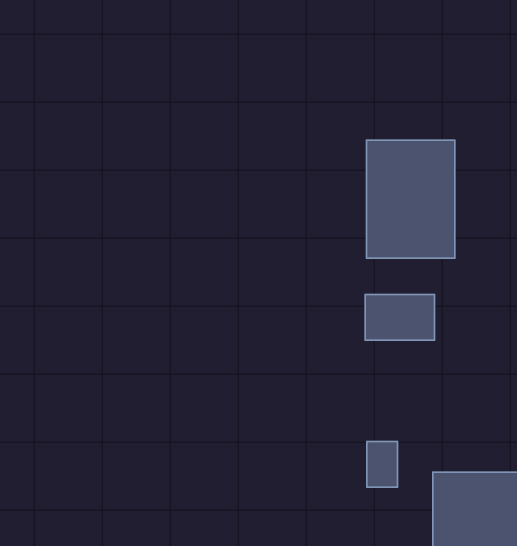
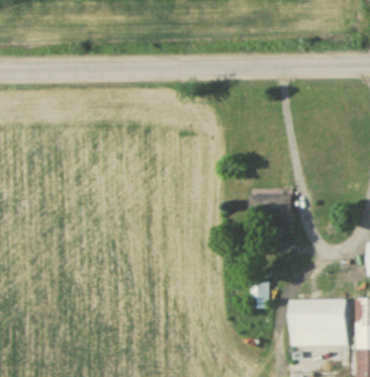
building: [367,140,455,258] -> none

